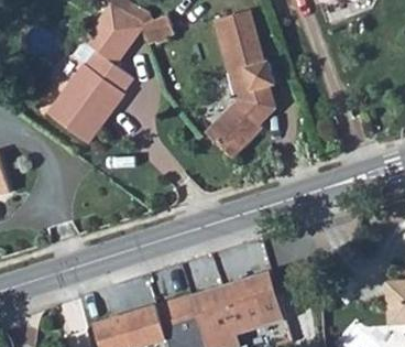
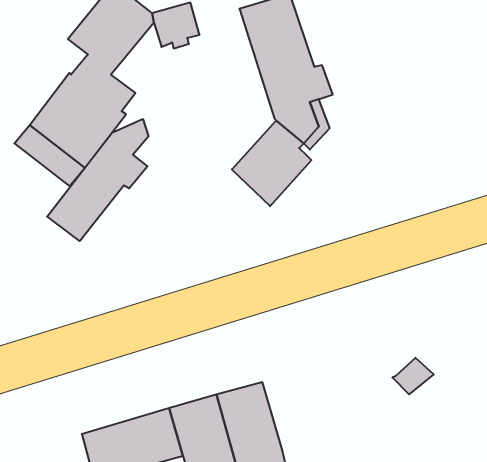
building: none -> [47,119,148,241]
building: [223,272,282,334] -> none

